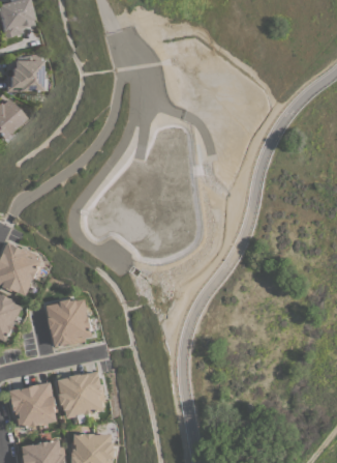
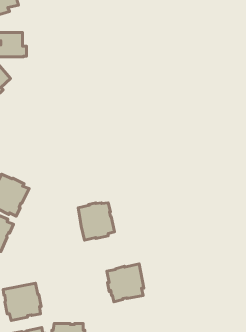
building: [47,299,93,347] -> [78,203,115,240]
building: [58,371,105,419] -> [107,264,144,302]

